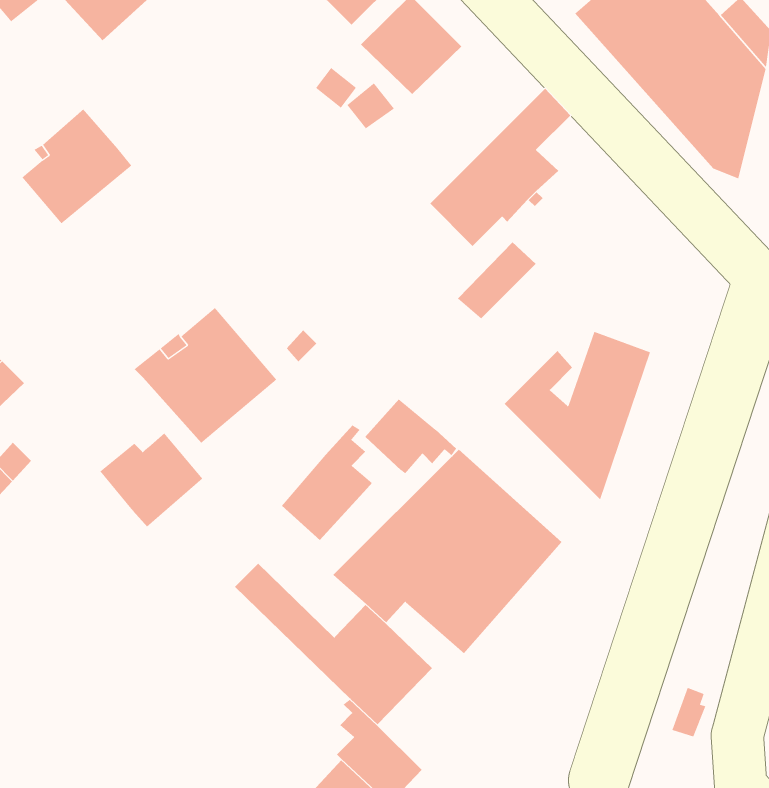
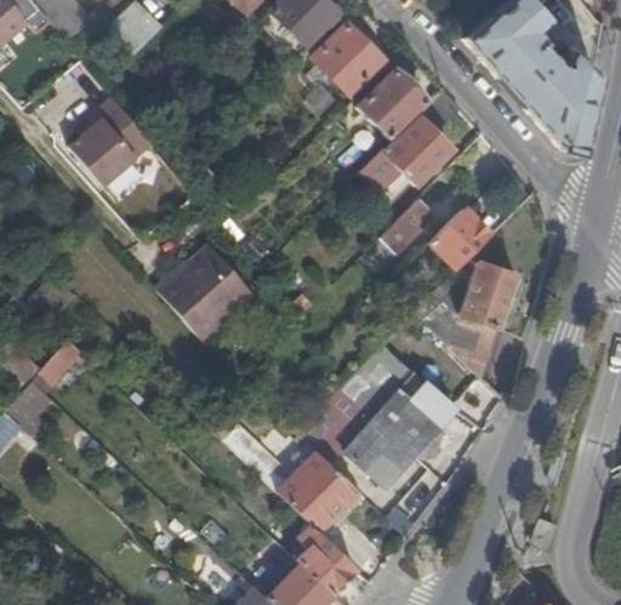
building: none -> [357,69,426,138]
building: none -> [429,209,490,269]
building: [364,399,457,474] -> none
building: [281,425,373,541] -> none
building: [100,432,203,527] -> none

